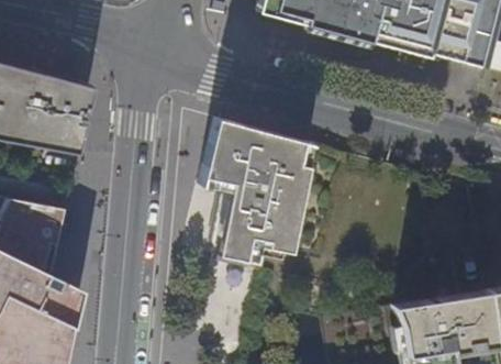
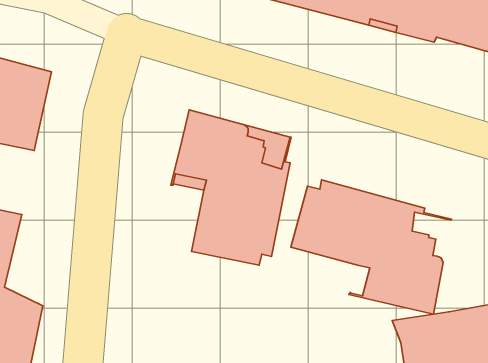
building: none -> [291,180,452,314]

